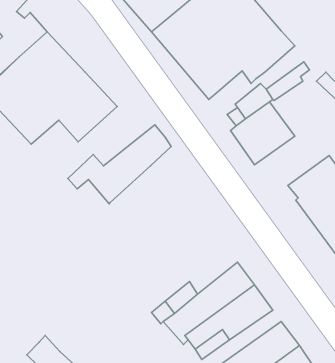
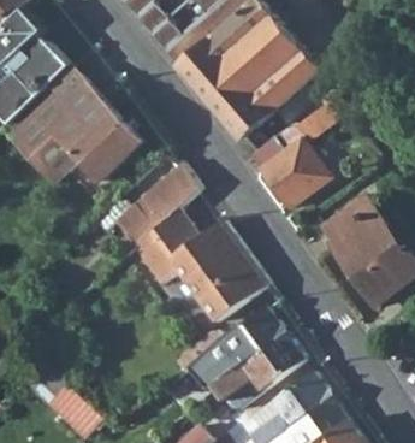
building: none -> [135,207,269,321]

